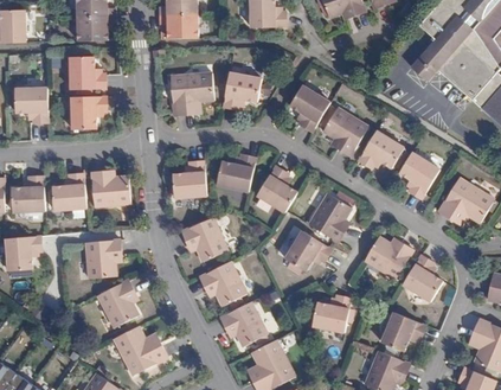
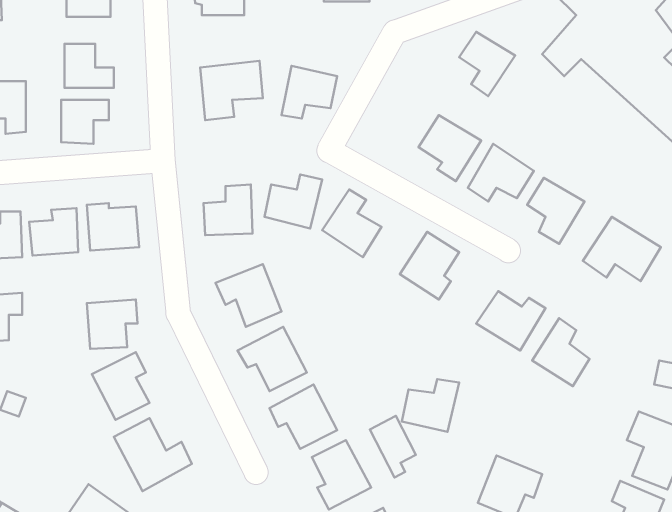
building: [291,84,330,129] -> [459,32,515,96]
building: [281,229,328,269] -> none
building: [379,311,424,351] -> none
building: none -> [370,416,416,477]

